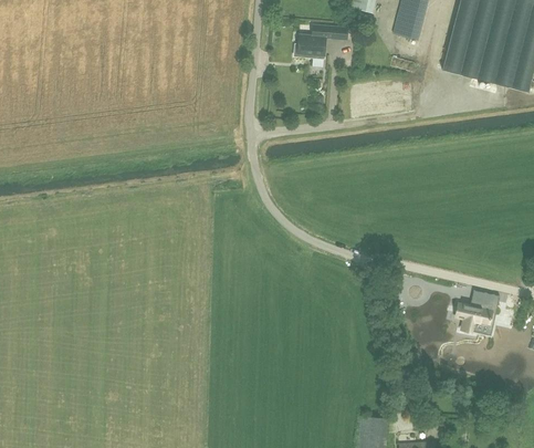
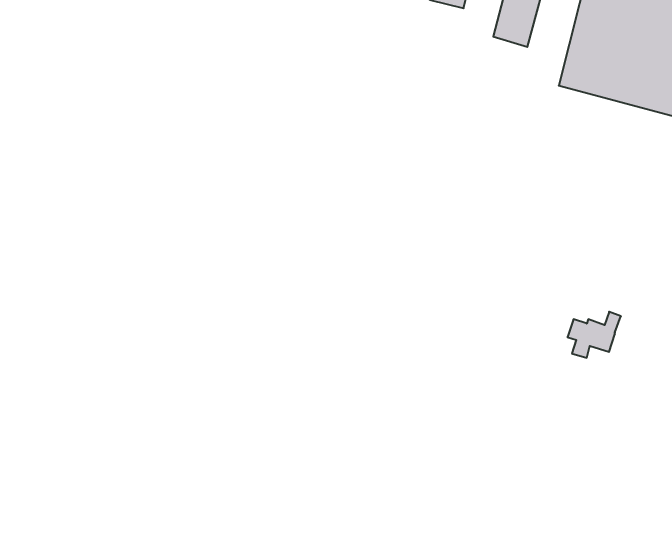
building: [293,24,347,56] -> none
building: [456,293,495,327] -> [567,312,621,358]

